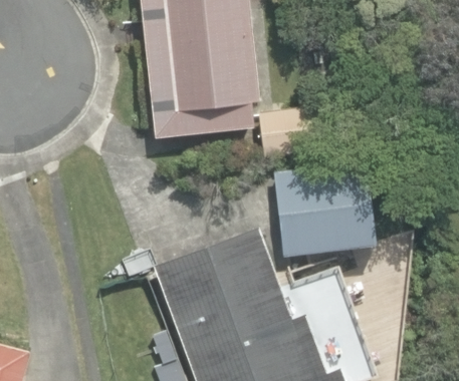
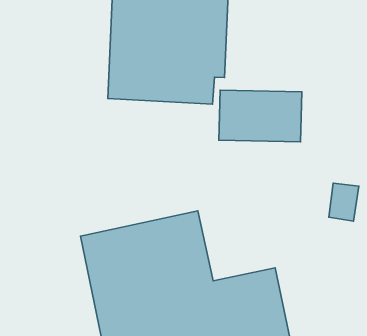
building: [273,168,374,260] -> none

